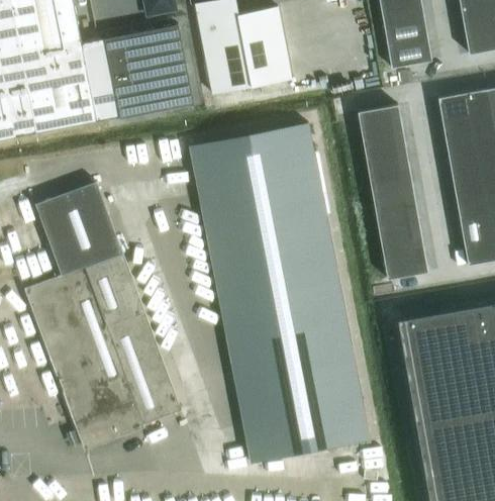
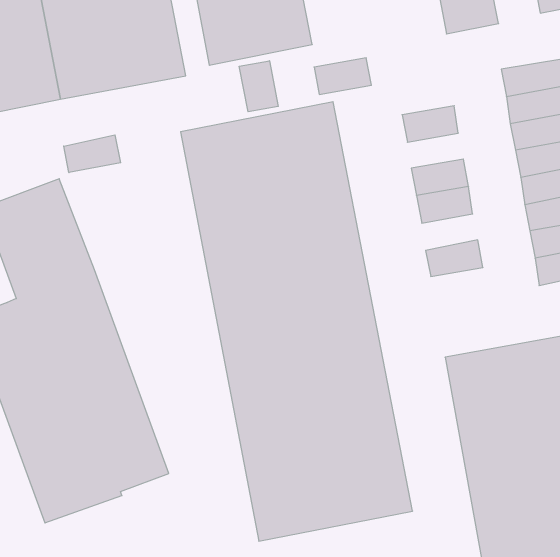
building: none -> [239,61,278,112]
building: [358,104,402,132] -> [314,58,371,94]
building: [366,146,409,174] -> none
building: none -> [64,135,121,173]
building: [377,209,420,237] -> none
building: [384,250,427,279] -> none

